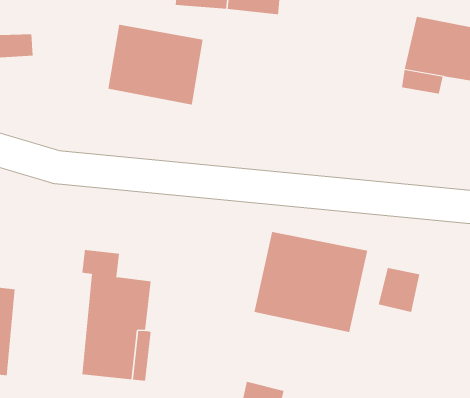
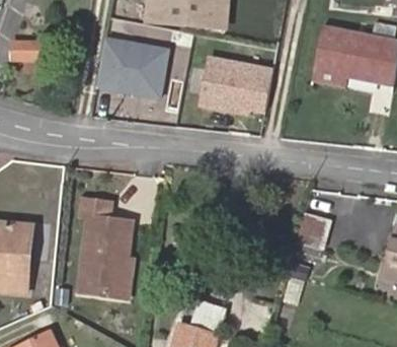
building: none -> [202,56,273,113]
building: [254,231,368,333] -> none

